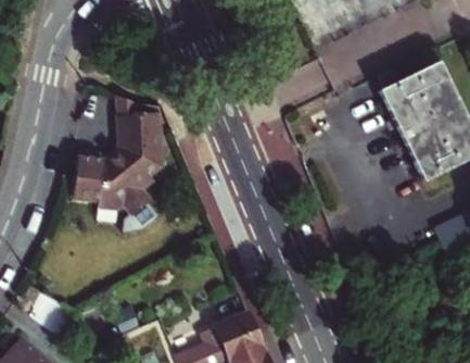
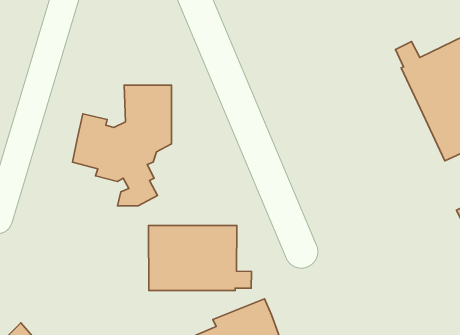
building: none -> [148,225,251,291]

